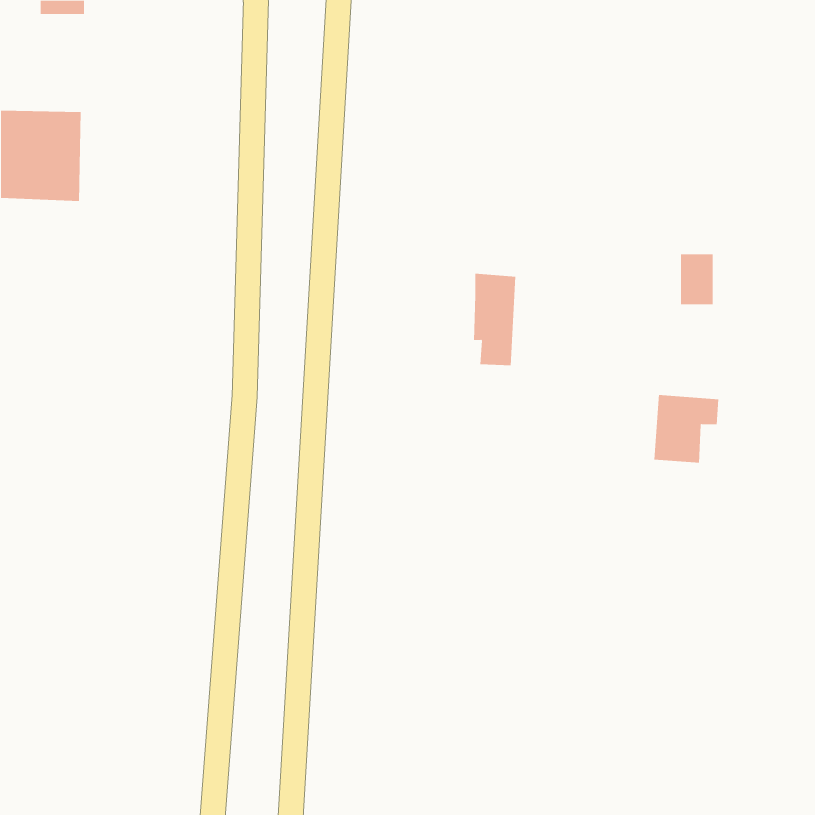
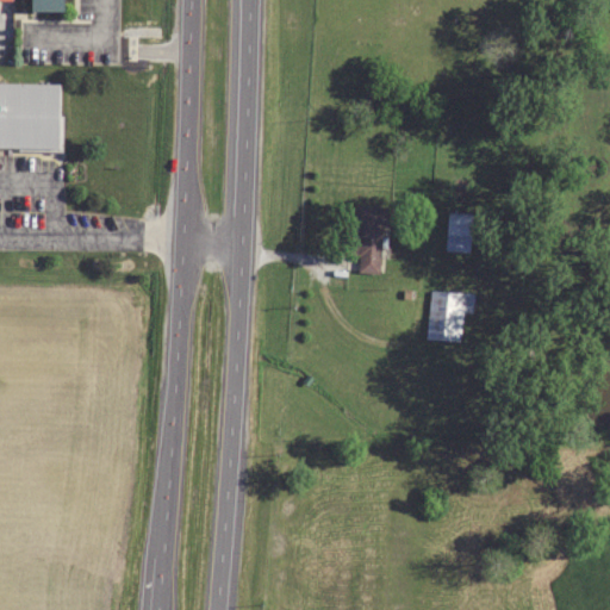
building: [680,254,714,305] -> [447,214,472,253]
building: [654,394,719,463] -> [427,291,475,342]

